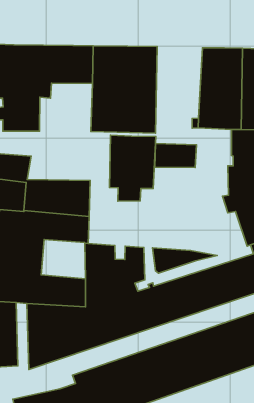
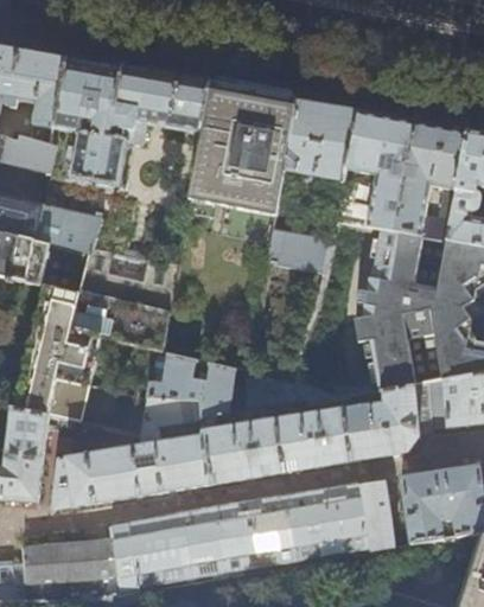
building: [109,135,156,201] -> [286,98,361,194]

